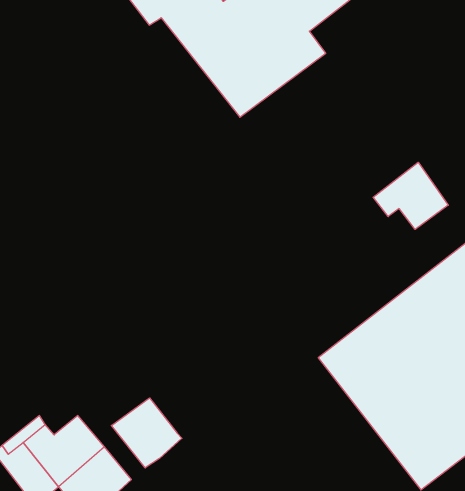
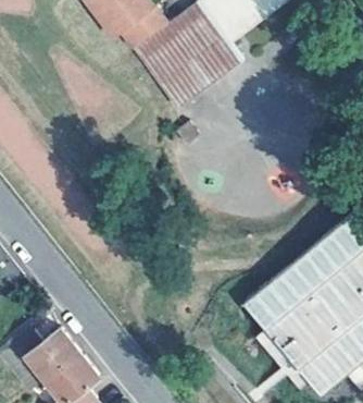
building: [373,162,448,229] -> none
building: [111,398,182,468] -> none

